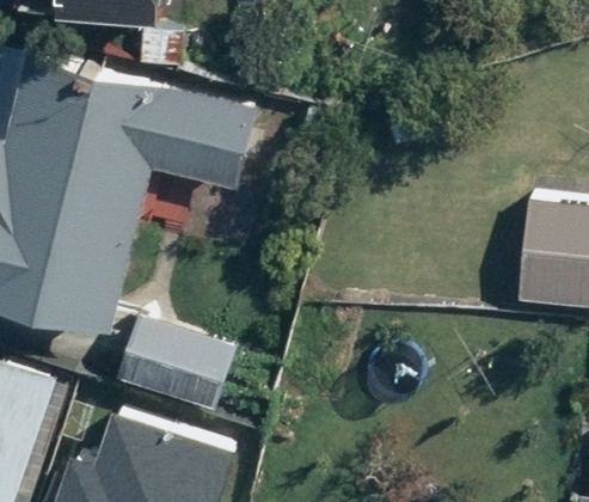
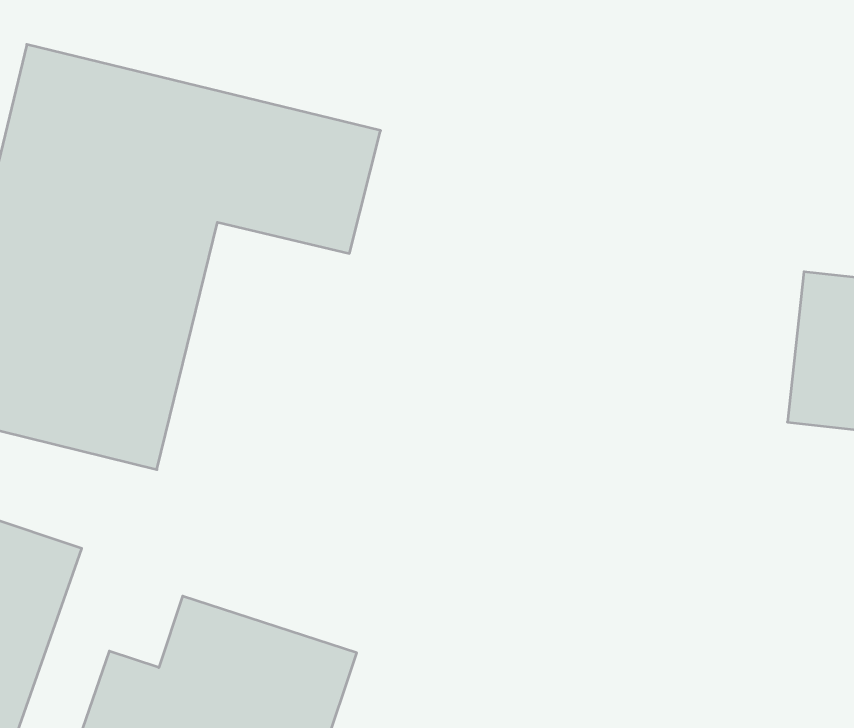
building: [111,317,237,414] -> none

